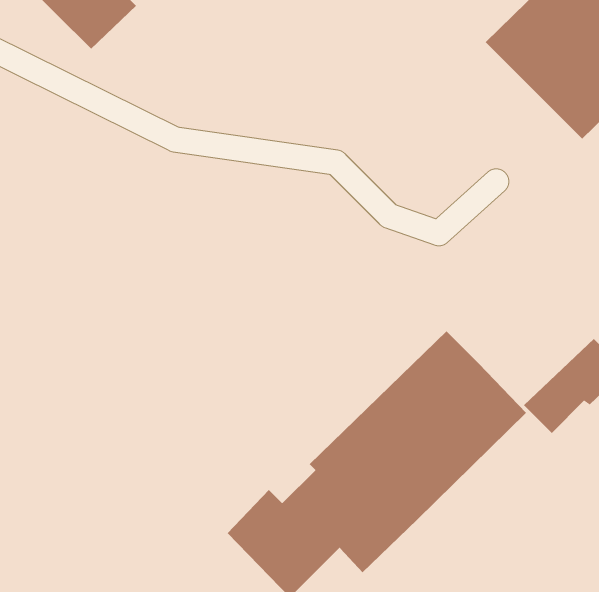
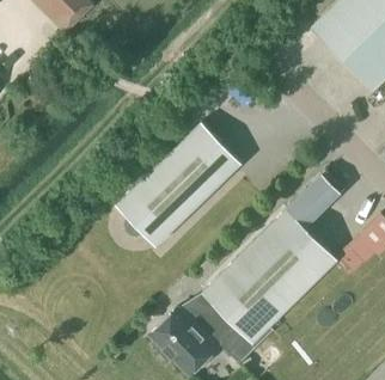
building: none -> [115,122,242,247]
building: none -> [287,174,342,229]

